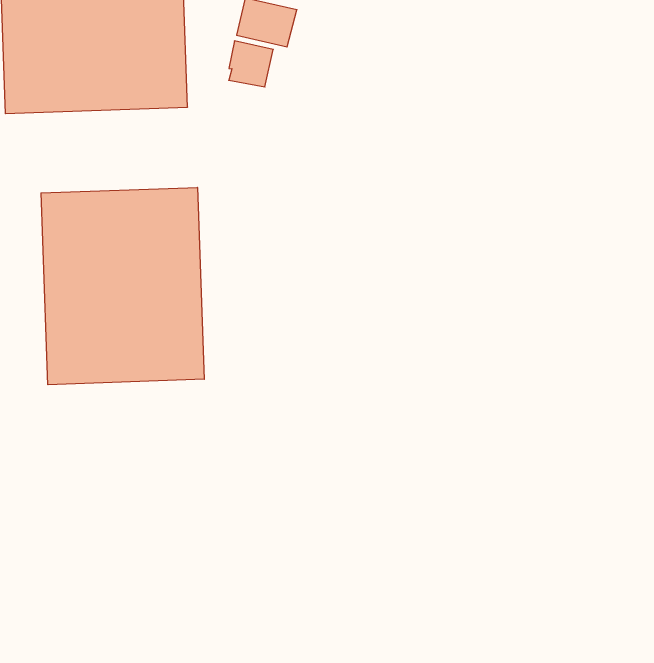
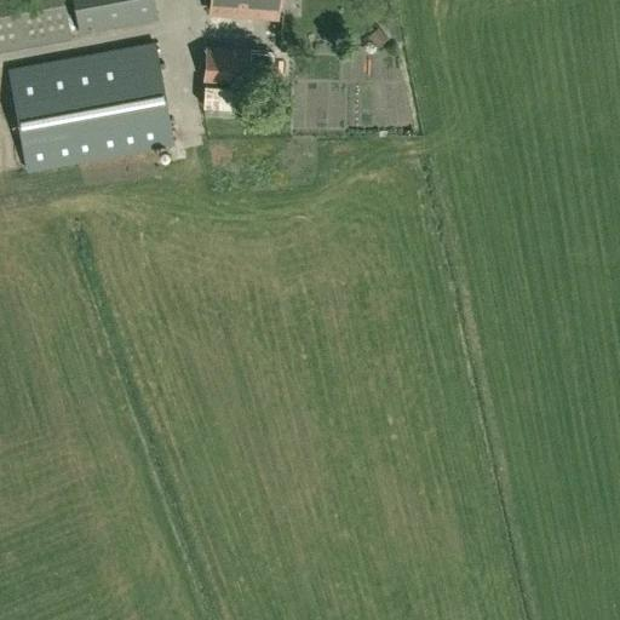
building: [41,187,204,385] -> none

